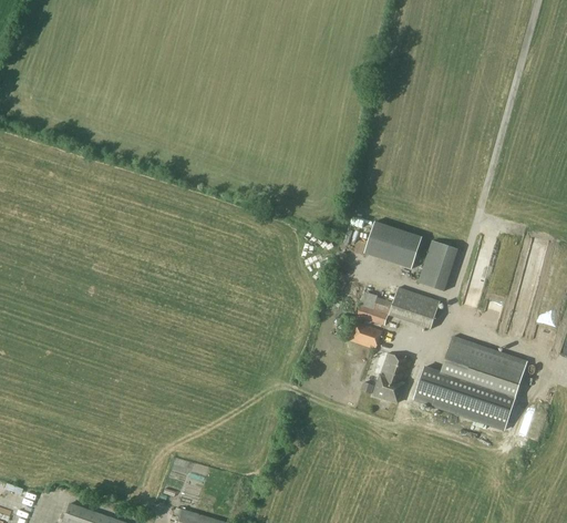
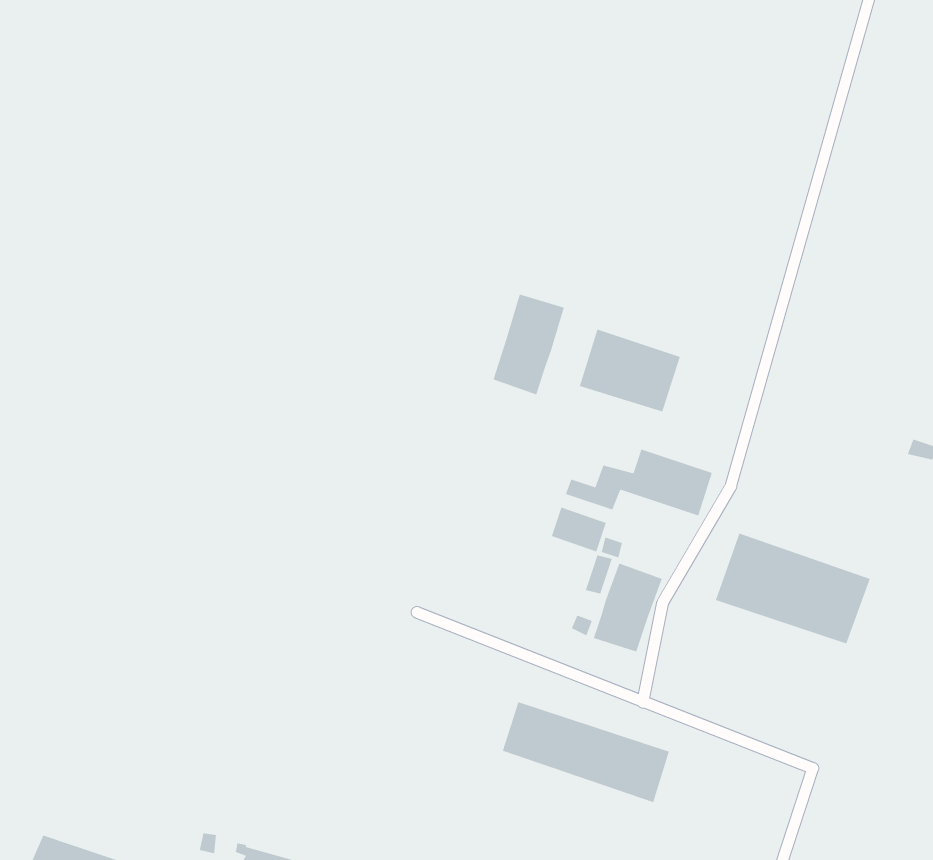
building: none -> [492,293,565,395]
building: [419,239,457,291] -> none
building: [420,370,513,427] -> [502,701,670,803]

